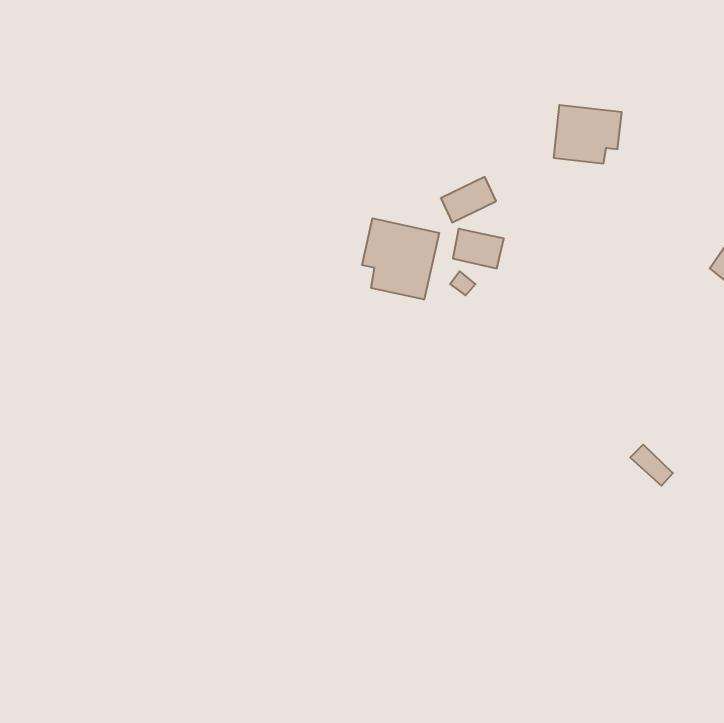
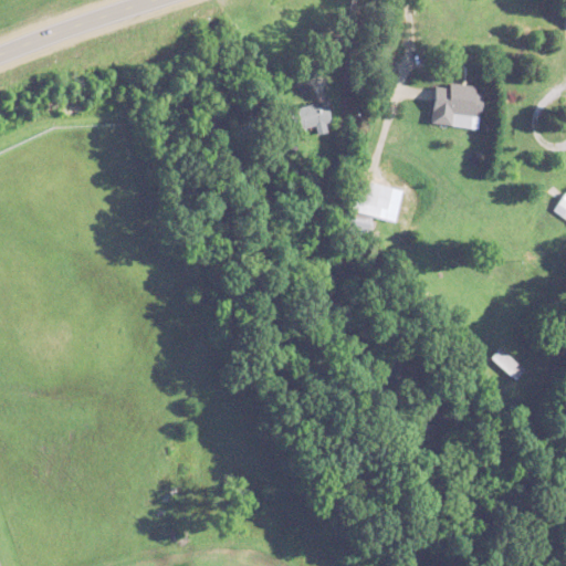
building: [441,177,496,222] -> [290,99,333,135]
building: [362,218,439,300] -> none

